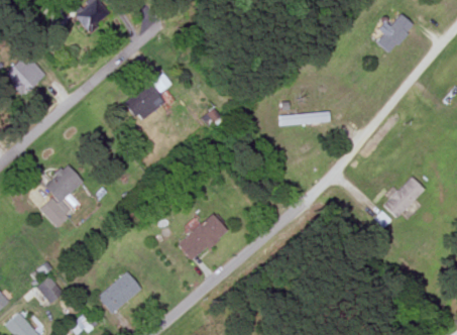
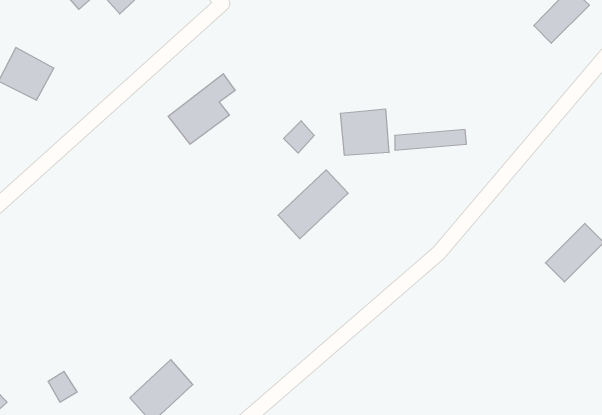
building: none -> [340,109,389,155]
building: [40,164,82,226] -> none
building: [177,213,225,260] -> [278,170,348,239]

